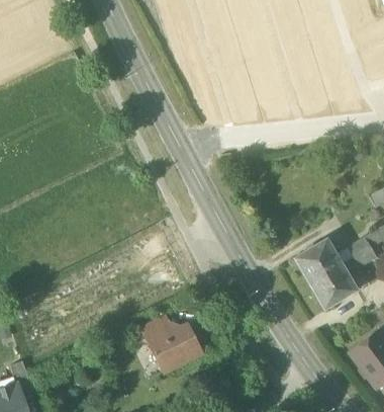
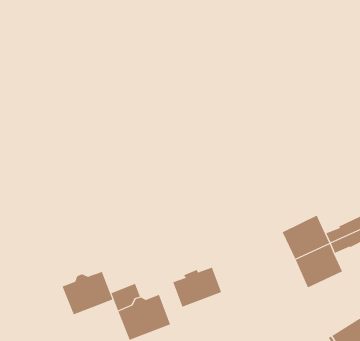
building: none -> [173,267,222,307]
building: none -> [62,271,113,315]

